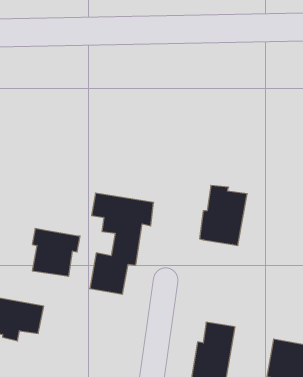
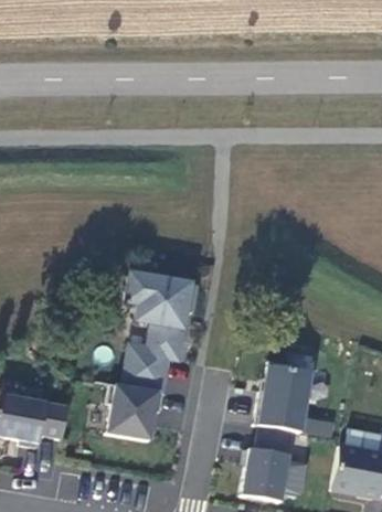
building: [200,185,247,245] -> [256,360,312,430]
building: [32,229,80,276] -> [108,382,165,438]

